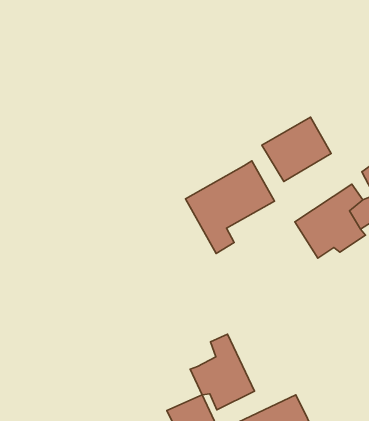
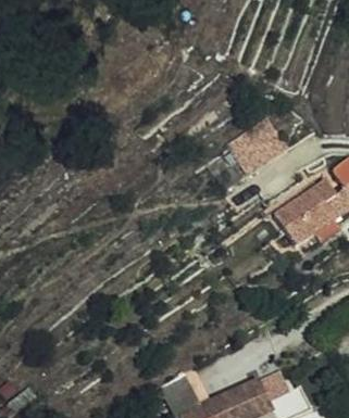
building: [185,161,275,253] -> none
building: [190,334,255,410] -> none

